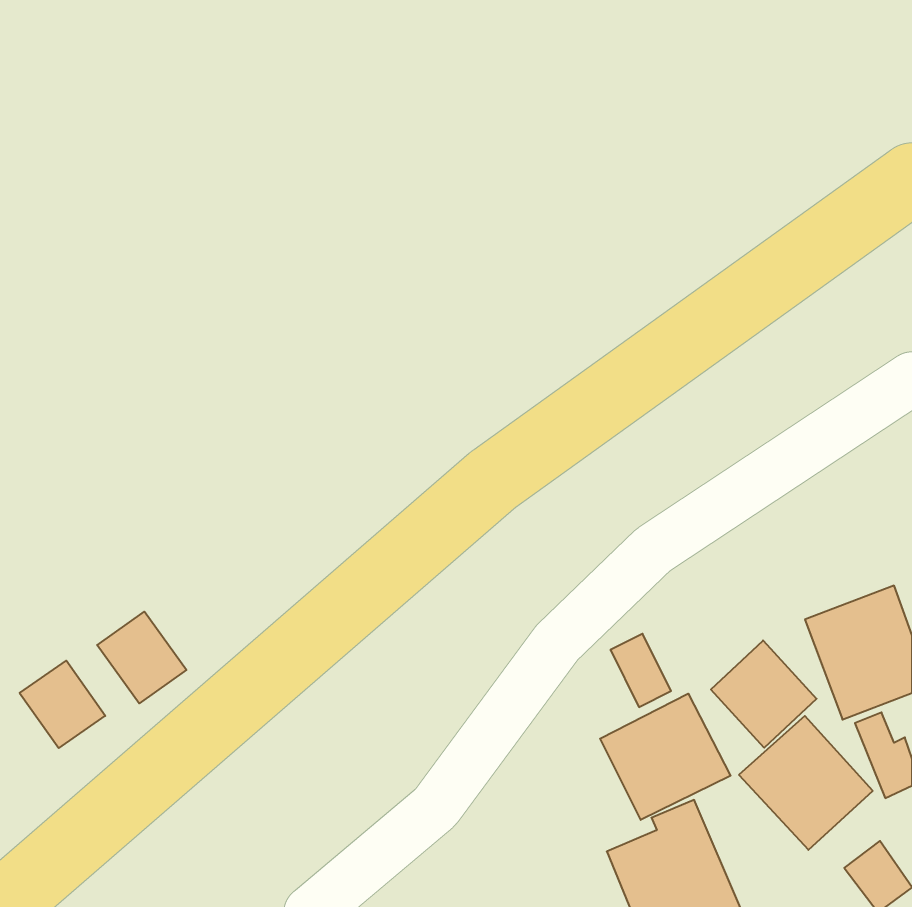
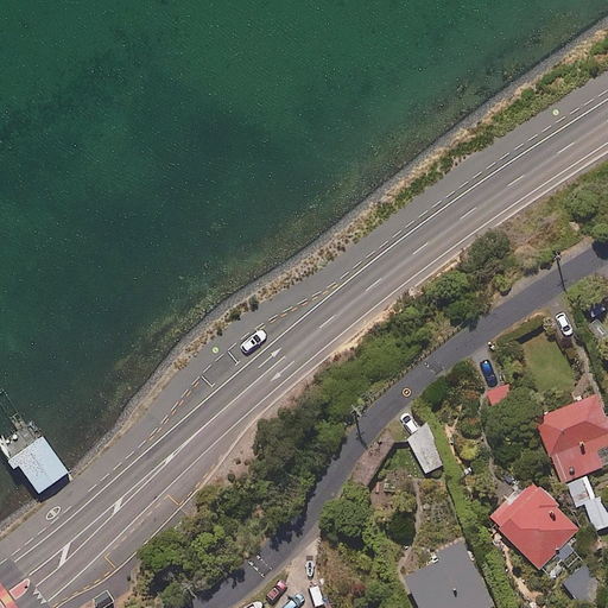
building: [97,612,186,703] -> none
building: [711,640,817,748] -> none
building: [600,694,731,820] -> none

